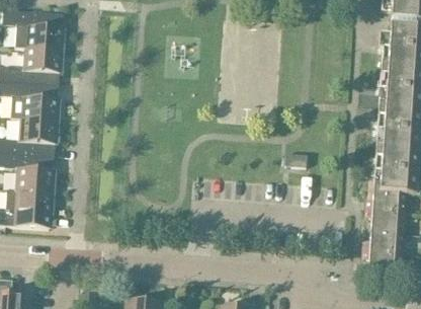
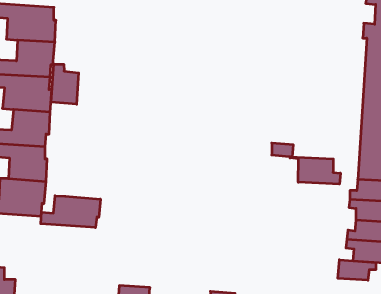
building: none -> [51,64,79,104]
building: none -> [290,157,340,184]
building: none -> [41,196,100,228]
building: none -> [338,260,376,280]

